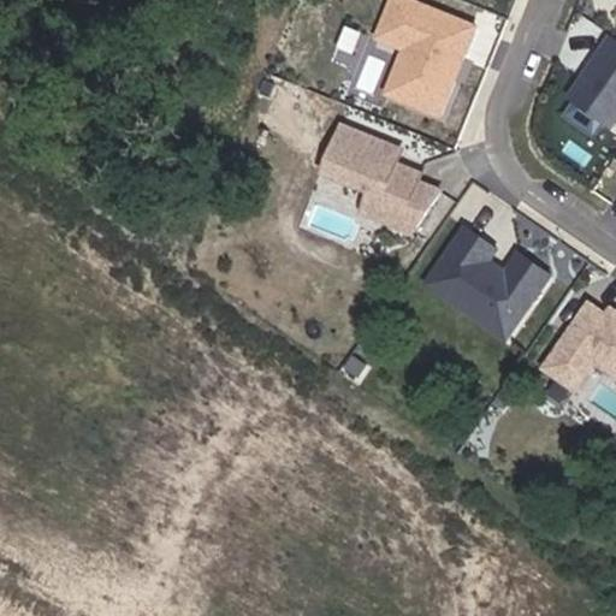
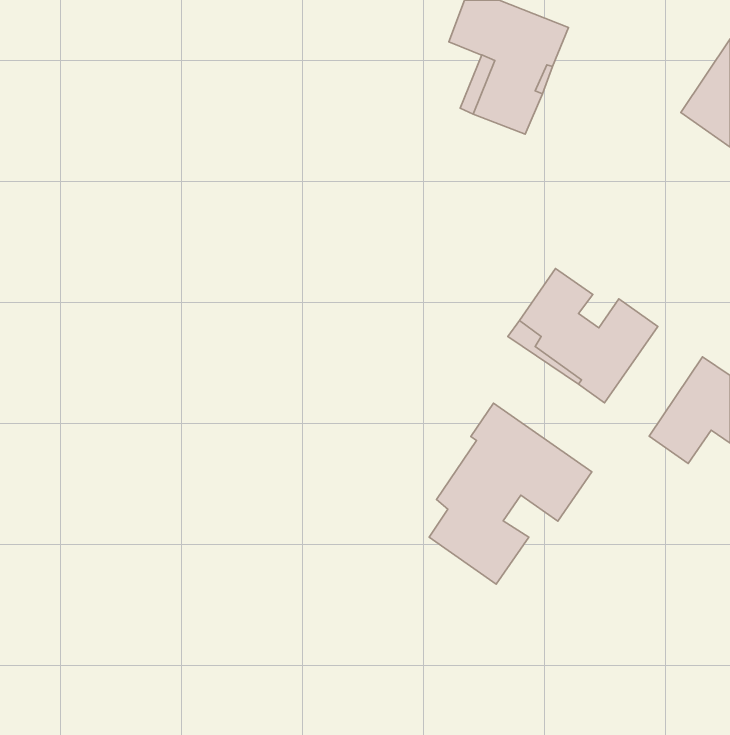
building: [326,128,444,232] -> none
building: none -> [429,403,592,584]

